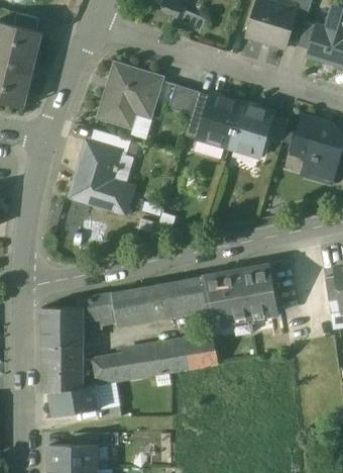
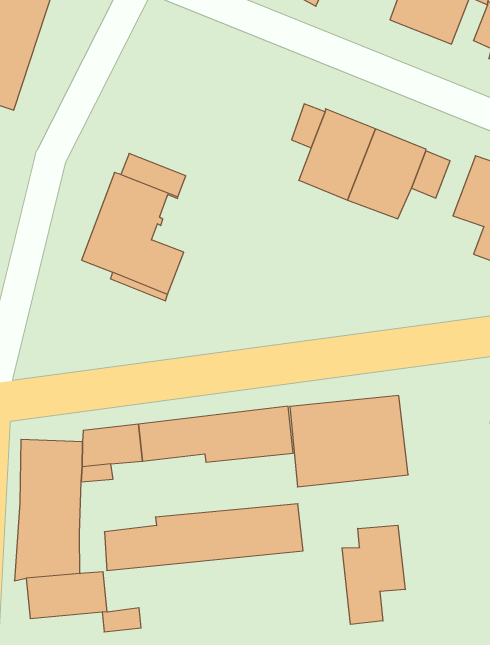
building: [99,63,163,128] -> none
building: [169,85,200,114] -> none
building: none -> [342,525,405,624]

